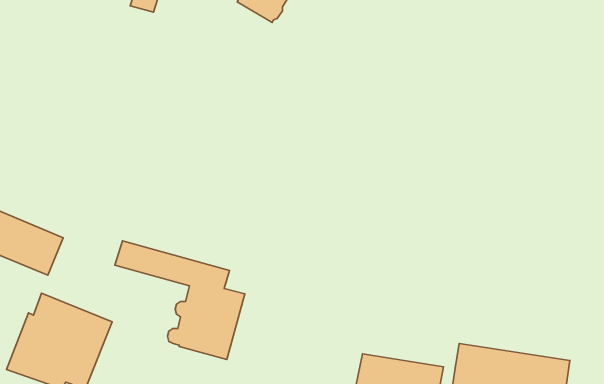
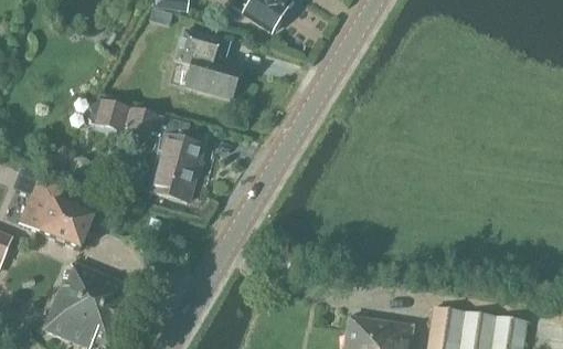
building: none -> [174,29,238,98]
building: [115,241,245,359] -> [92,99,203,201]

